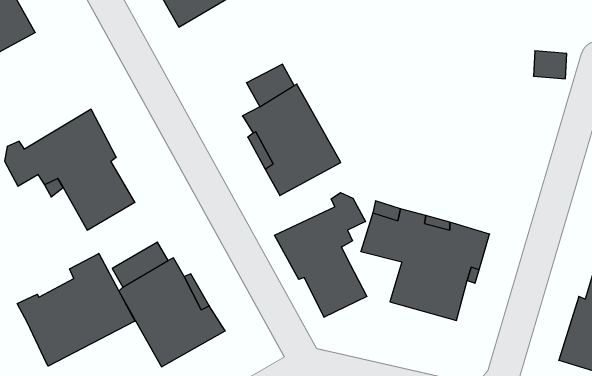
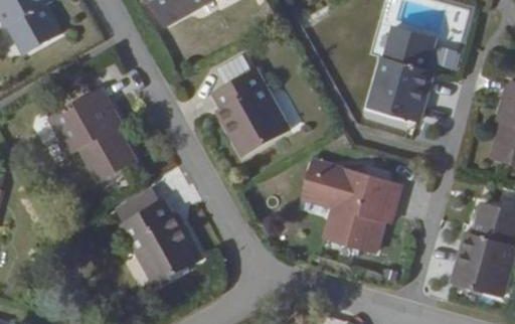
building: none -> [368,25,433,119]
building: [275,193,367,317] -> none
building: [17,253,135,366] -> none

